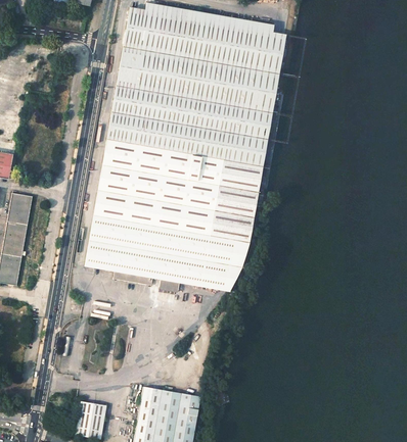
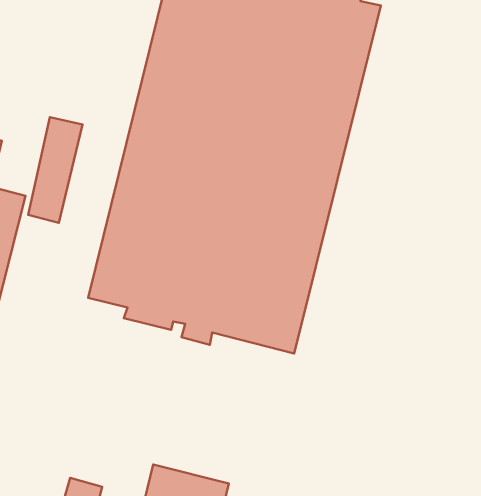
building: none -> [28,117,83,223]

